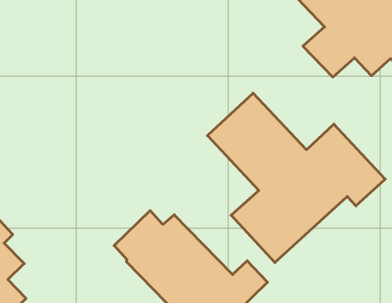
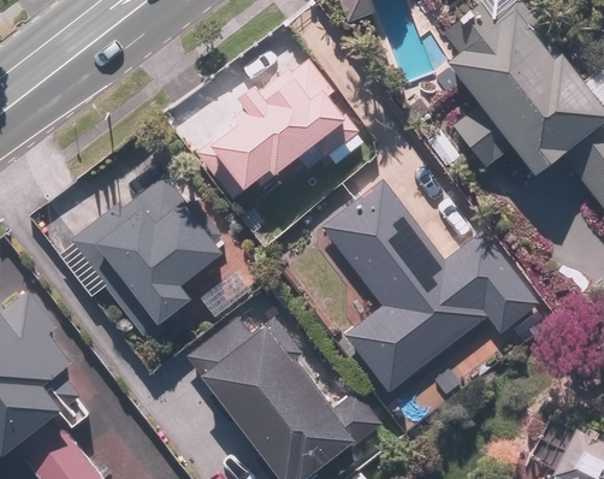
building: none -> [202,66,354,203]
building: none -> [71,175,250,332]

